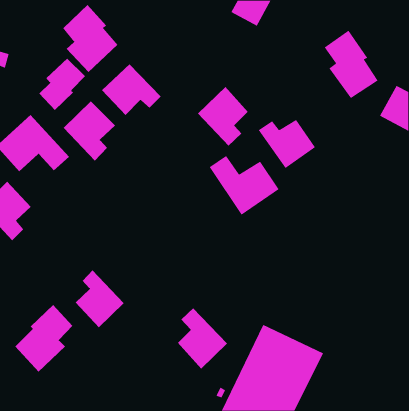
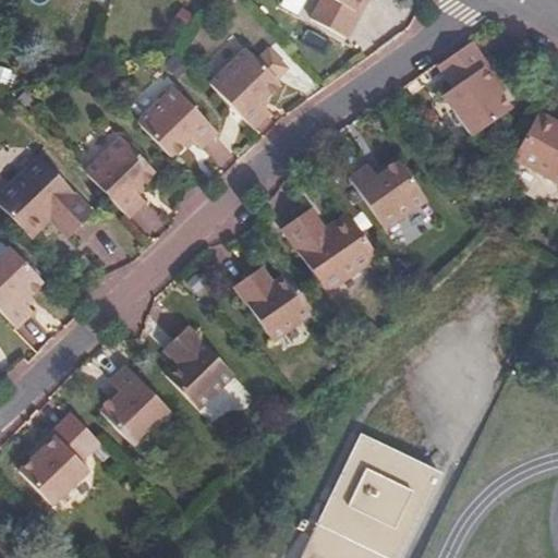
building: [63,4,118,73] -> none
building: [38,58,86,111] -> none
building: [197,86,249,146] -> [210,47,280,129]
building: none -> [235,271,314,340]
building: [177,307,228,369] -> [167,325,235,409]

